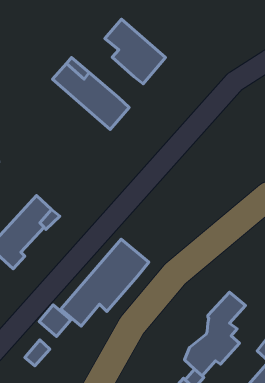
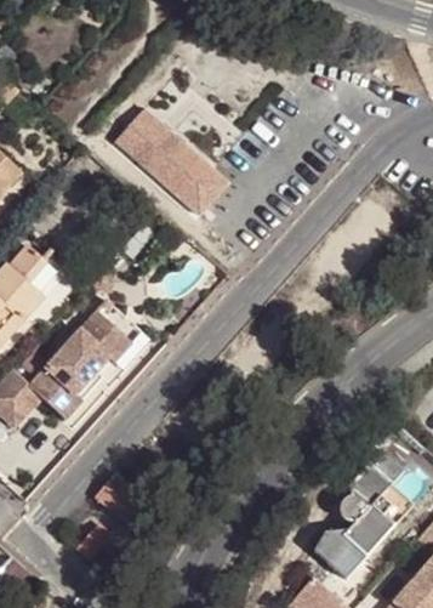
building: [105,19,166,84] -> none
building: [61,239,149,326] -> none

